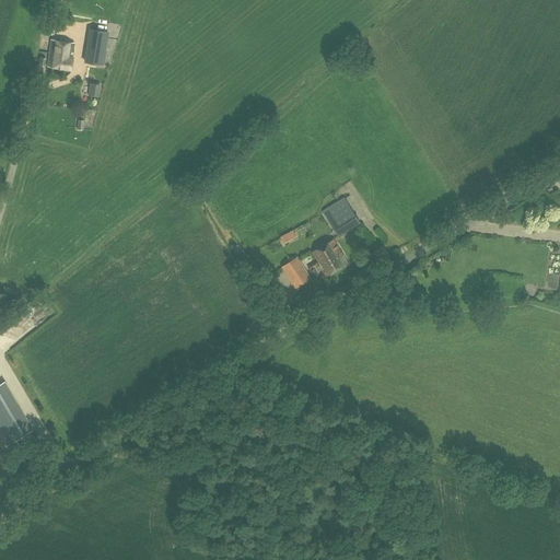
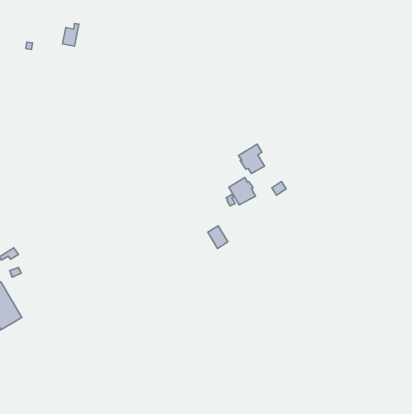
building: [45,39,71,69] -> none
building: [280,257,307,288] -> [208,226,228,248]

